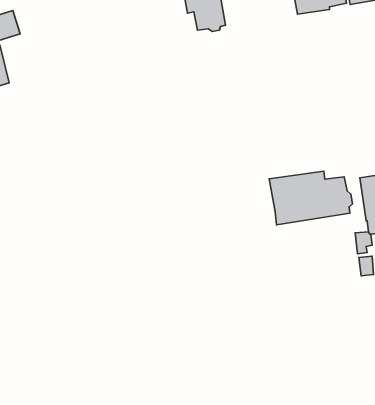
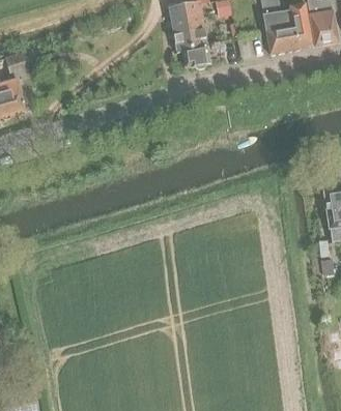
building: [269,171,352,225] -> none

